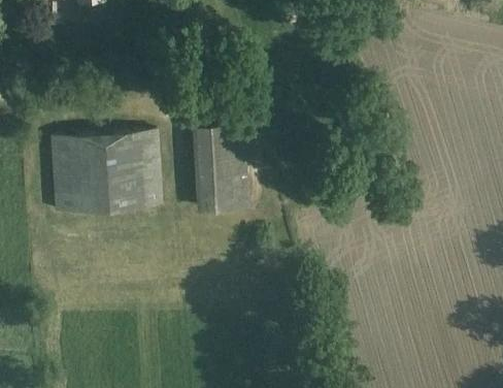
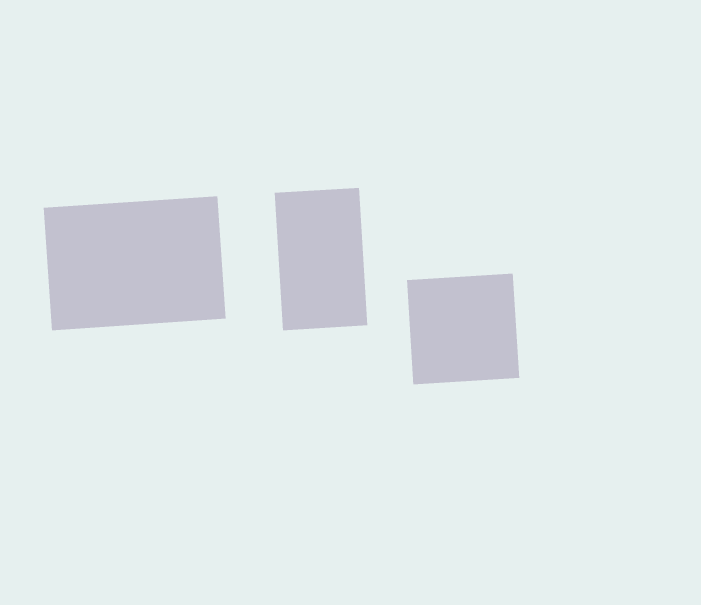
building: none -> [406,273,520,385]

